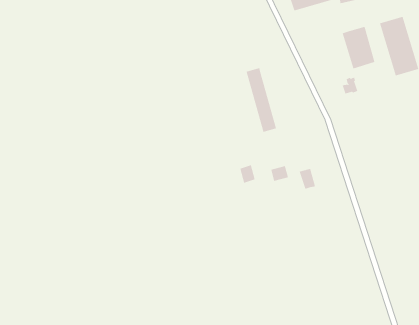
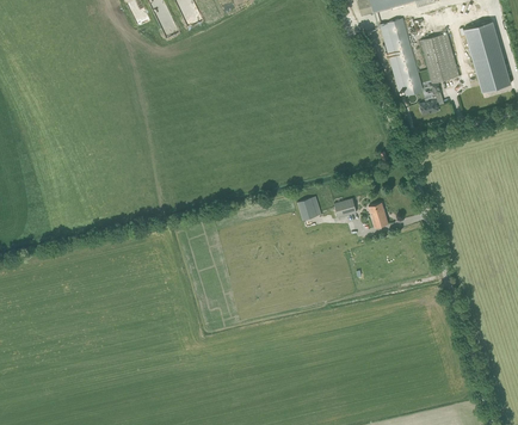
building: [246,67,277,133] -> [386,19,423,97]

